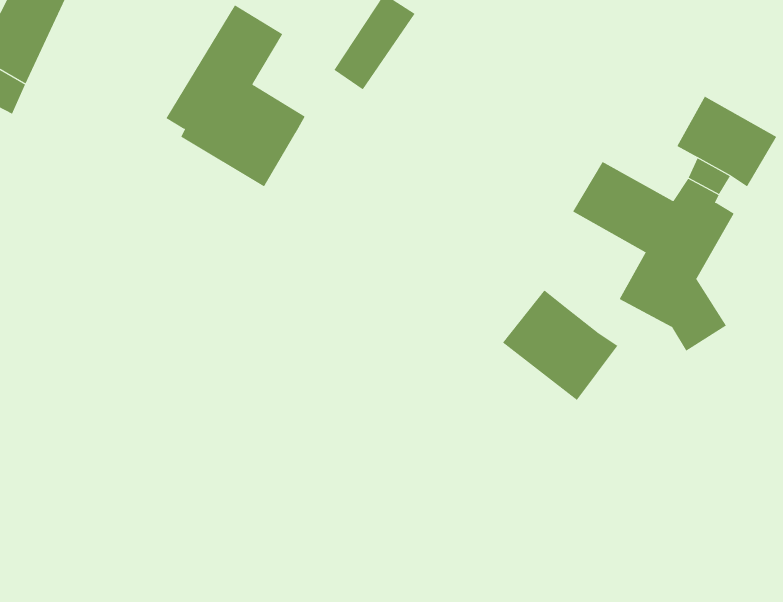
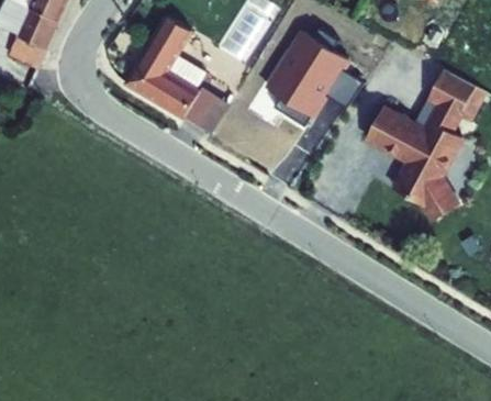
building: none -> [272,31,362,129]
building: none -> [182,86,228,134]
building: [502,289,618,401] -> none

